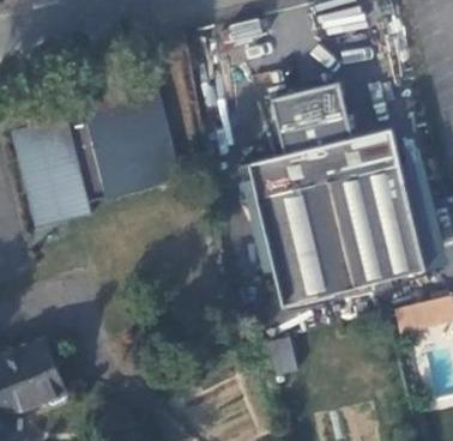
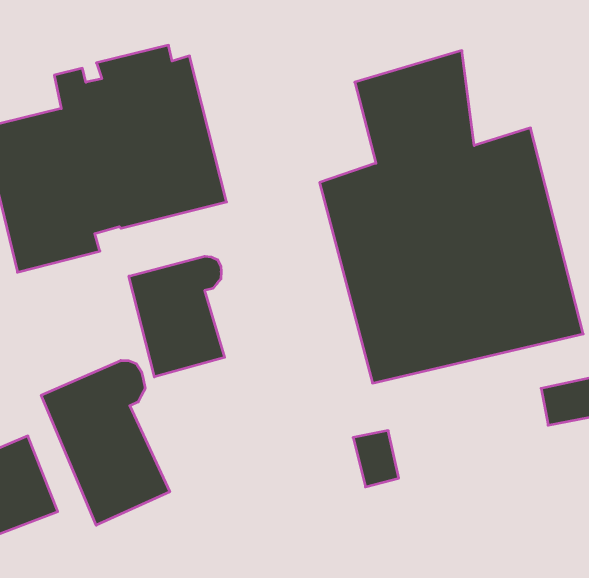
building: none -> [129,256,225,377]
building: none -> [41,360,170,525]

